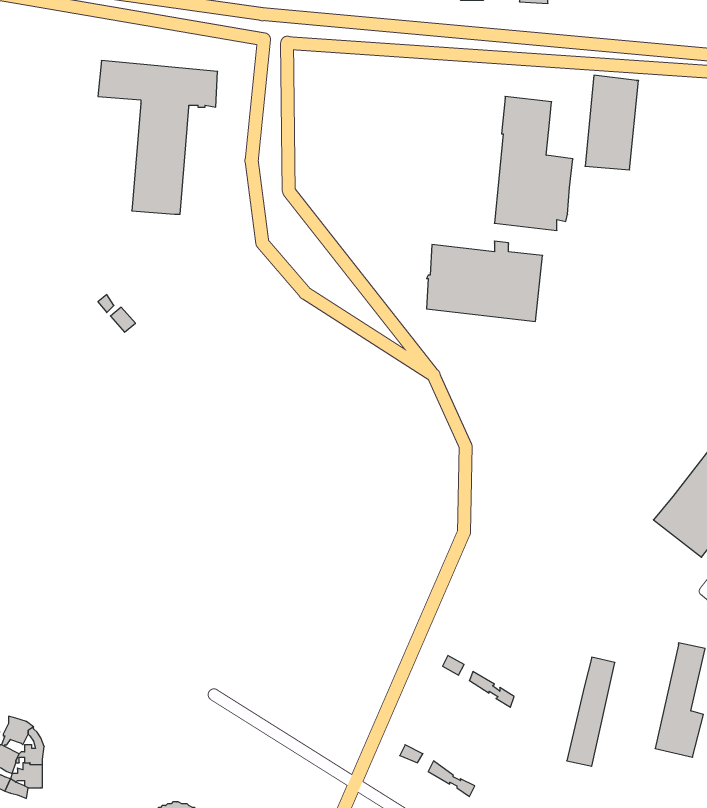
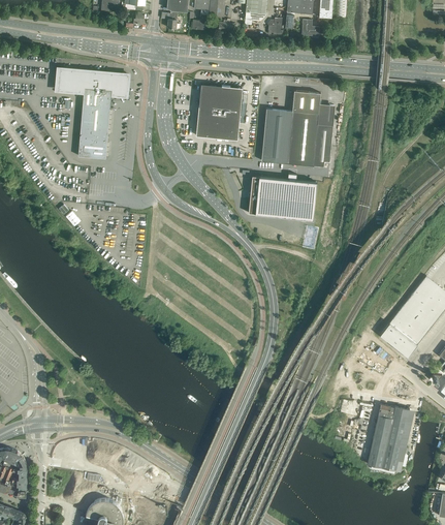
building: [585,75,639,170] -> [262,109,293,163]
building: none -> [196,84,243,140]
building: [567,657,615,766] -> [367,404,394,467]

